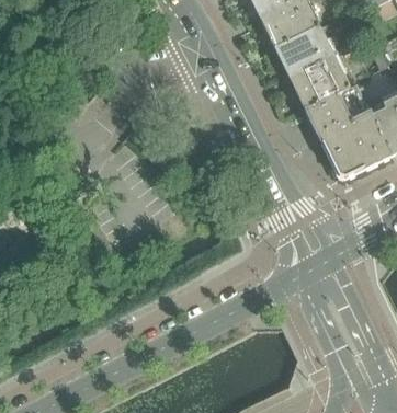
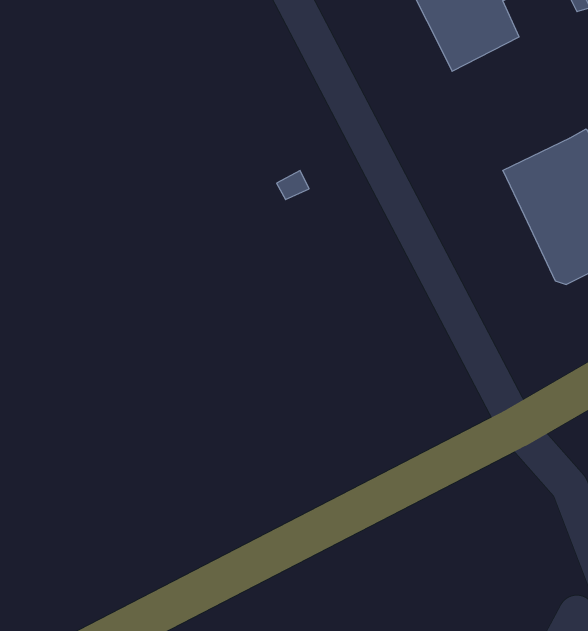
building: [276,25,348,106] -> none

